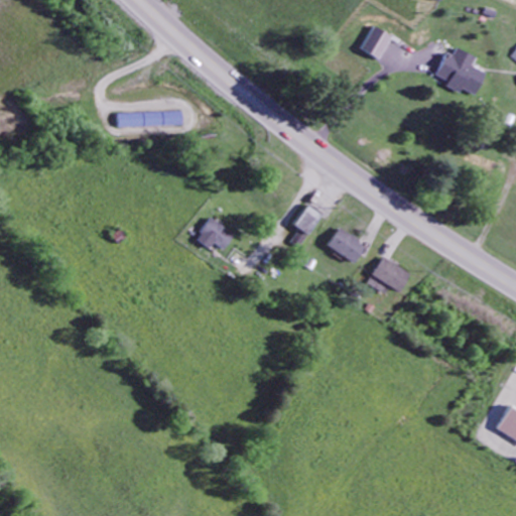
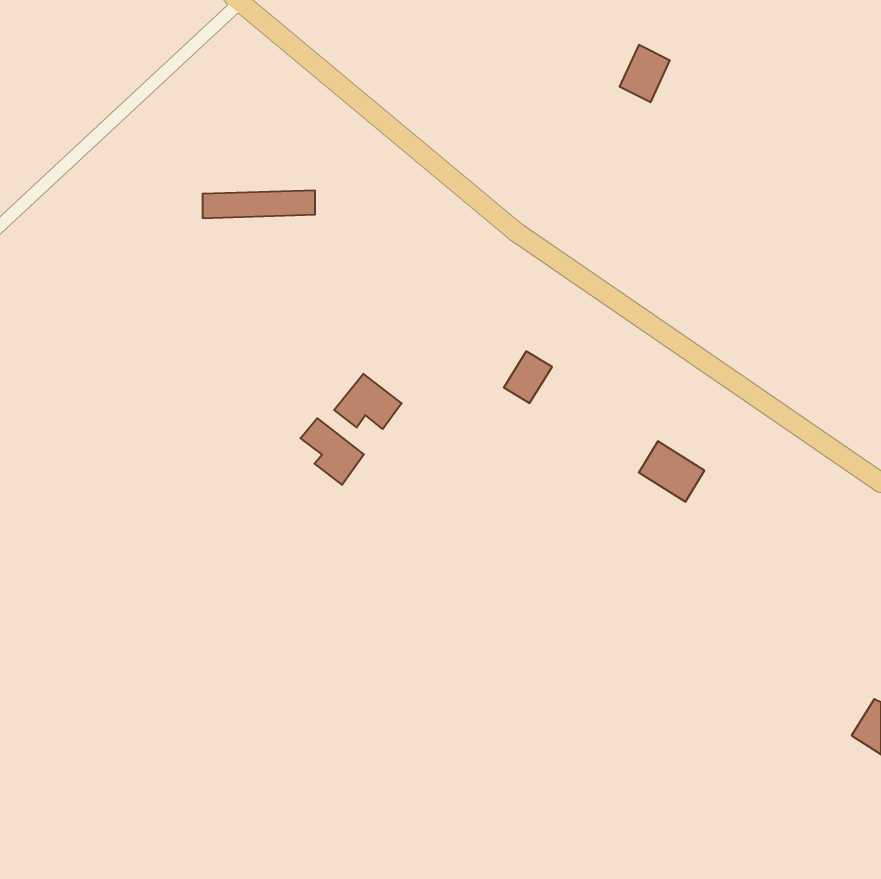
building: [435,48,484,95] -> none
building: [328,227,366,263] -> none
building: none -> [300,418,364,485]

